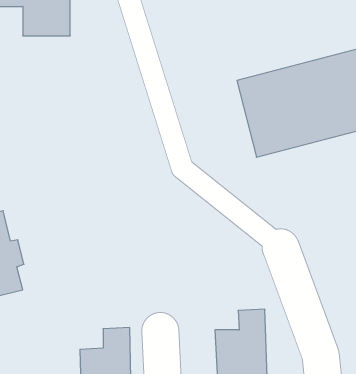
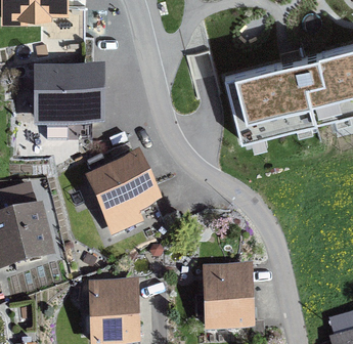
building: none -> [40,74,97,138]
building: none -> [91,159,163,240]

